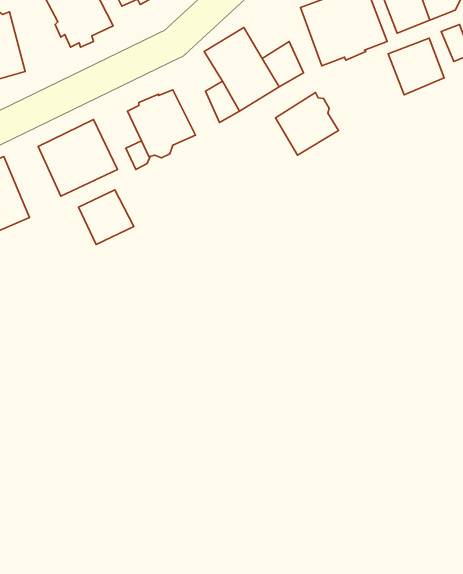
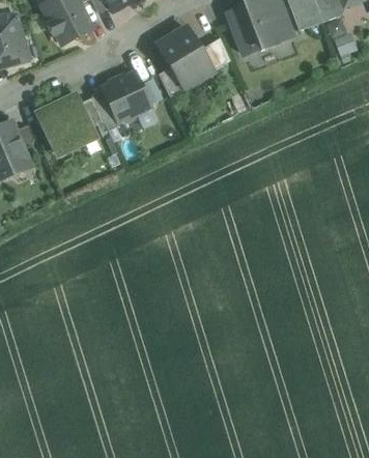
building: [388,38,444,95] -> none
building: [275,93,339,155] -> none
building: [78,190,134,245] -> none

